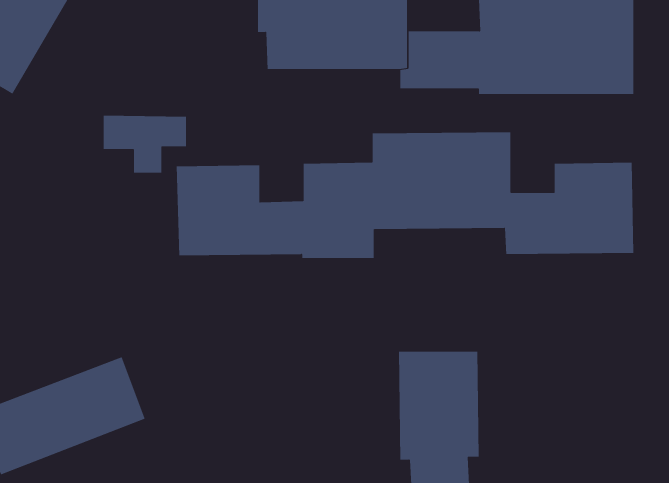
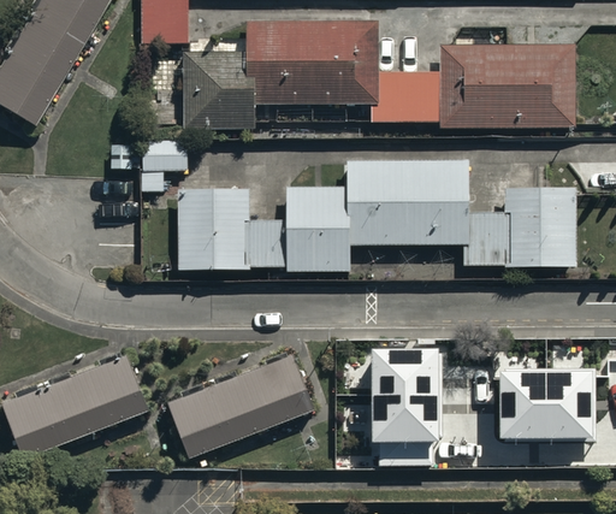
building: none -> [183,52,255,128]
building: none -> [168,347,336,455]
building: none -> [499,372,593,442]

